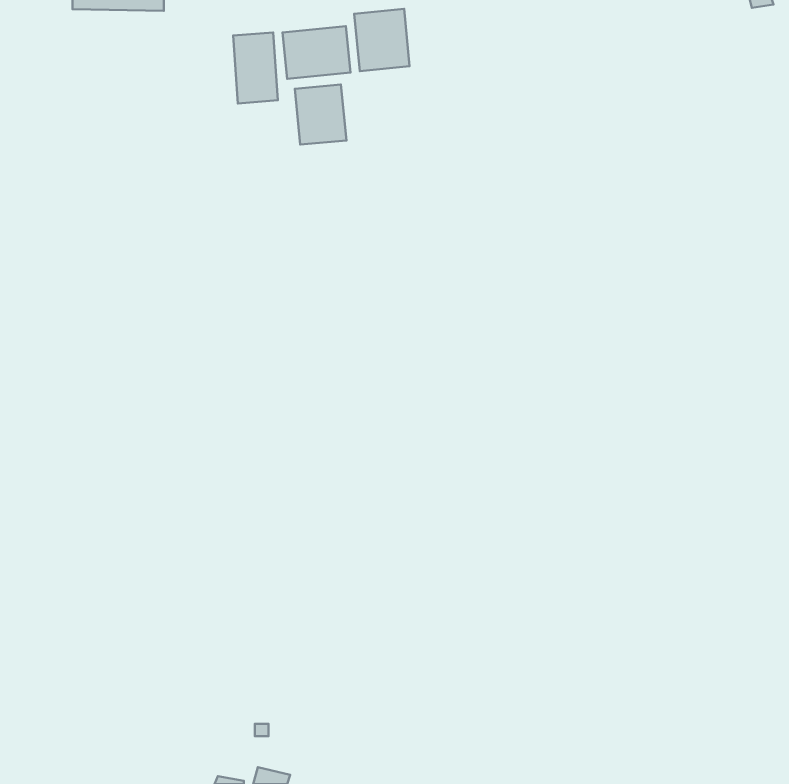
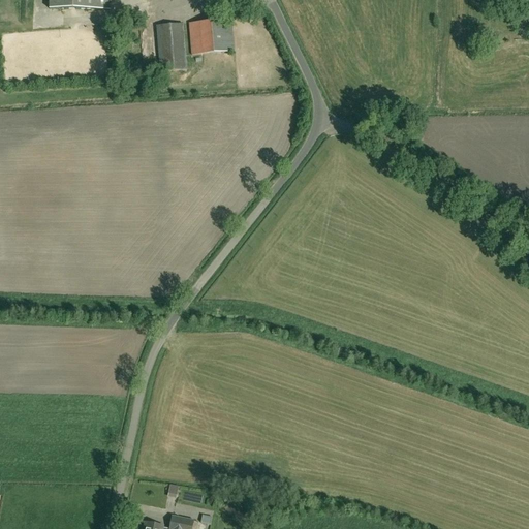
building: [354,9,410,71] -> none
building: [295,85,346,145] -> none

